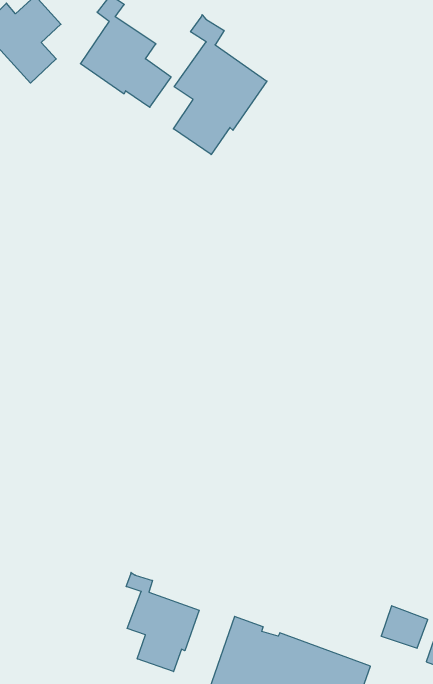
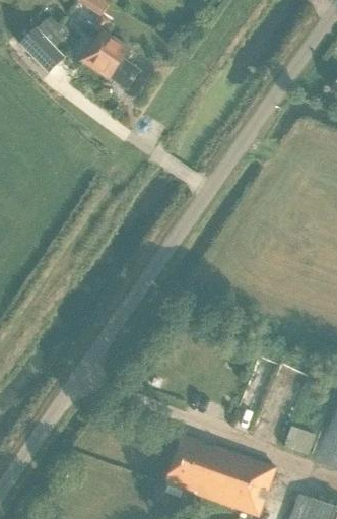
building: [173,15,267,155] -> none
building: [126,572,199,672] -> none

